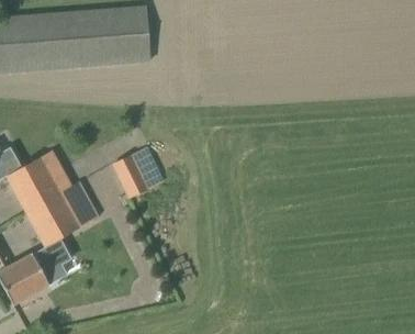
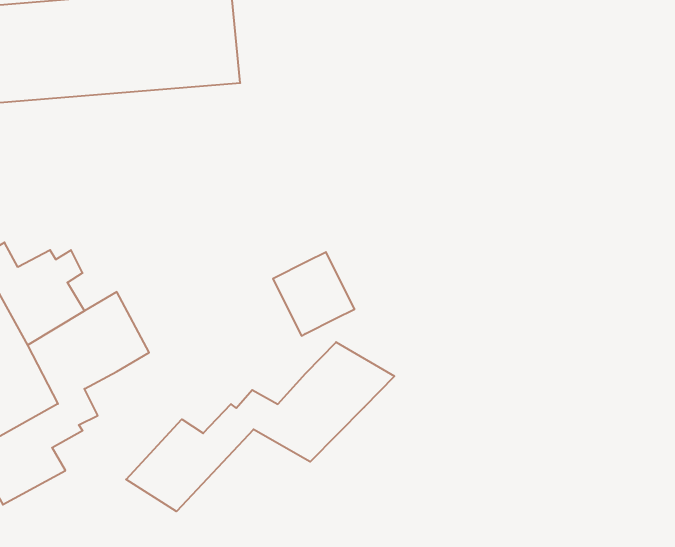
building: [112,149,159,198] -> [273,252,355,336]
building: none -> [126,342,394,511]

